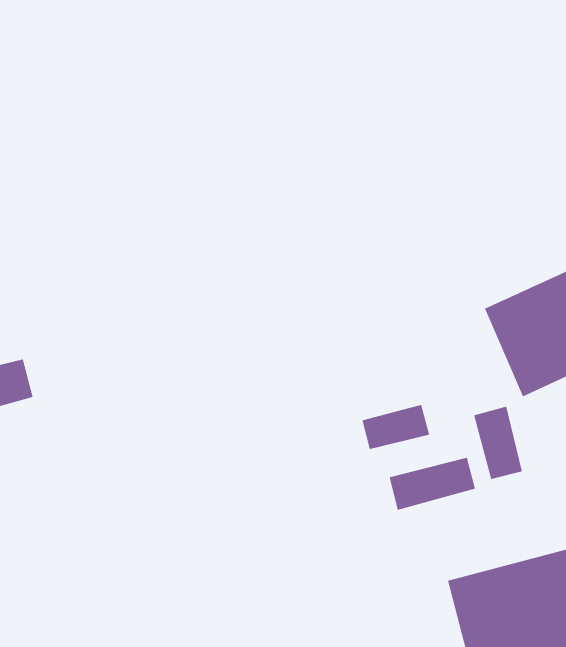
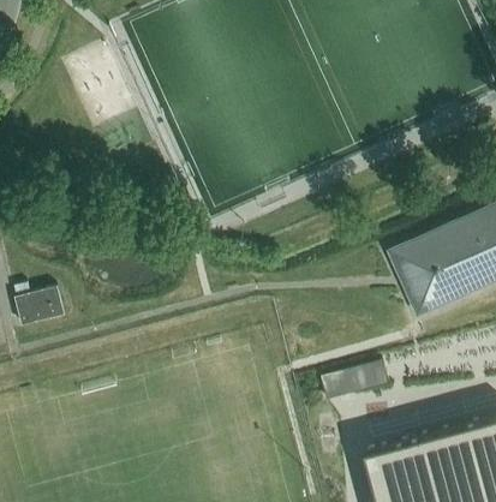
building: [362,404,430,450] -> none
building: [474,406,522,480] -> none

